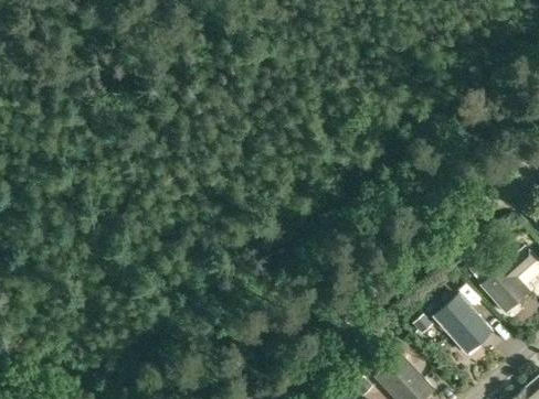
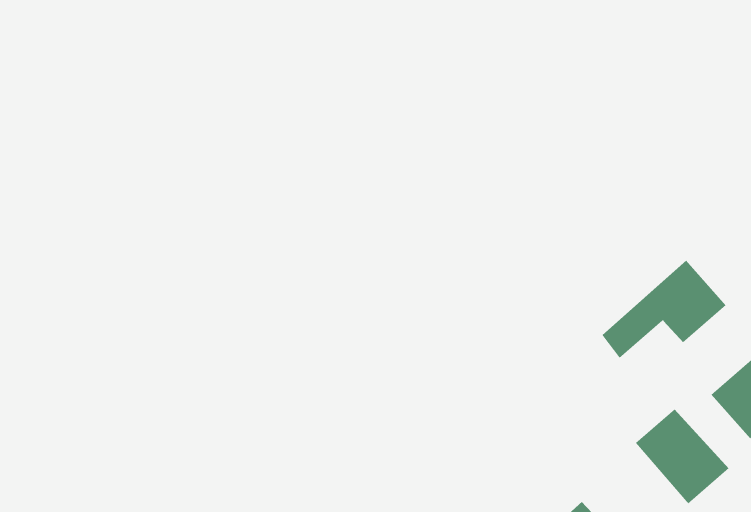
building: none -> [602,260,726,359]

